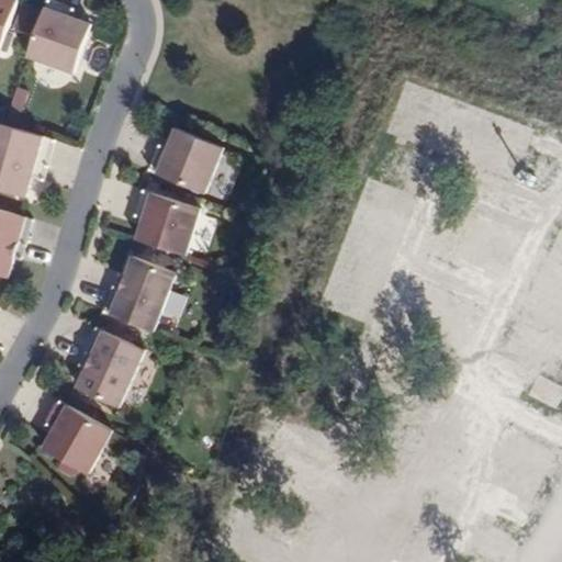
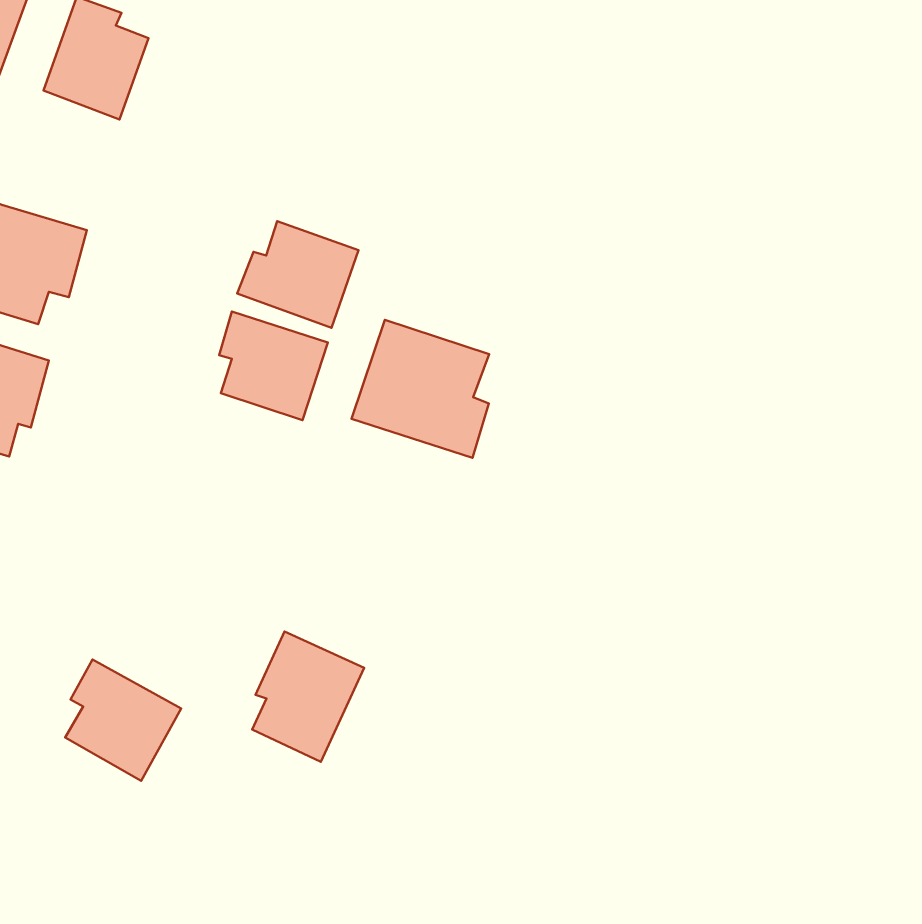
building: none -> [351,320,489,458]
building: [101,255,173,330] -> none
building: [74,327,142,406] -> [252,632,364,762]

